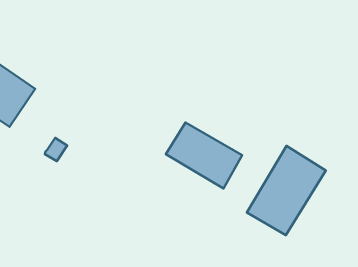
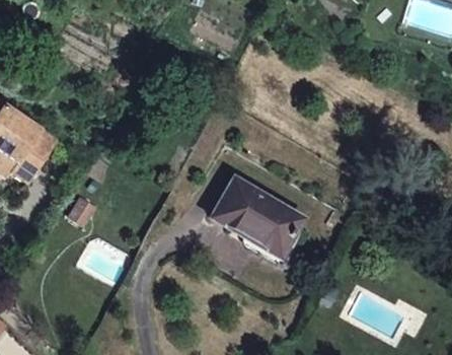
building: [247,146,326,235] -> none

